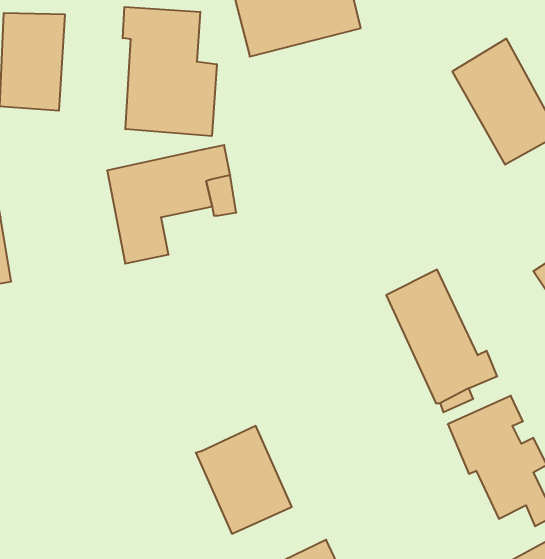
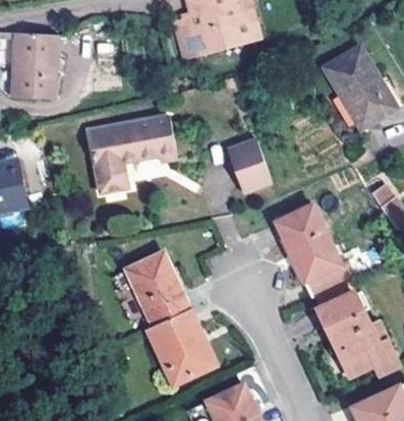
building: [123,7,217,136] -> none
building: none -> [228,139,270,192]
building: none -> [125,251,188,325]

